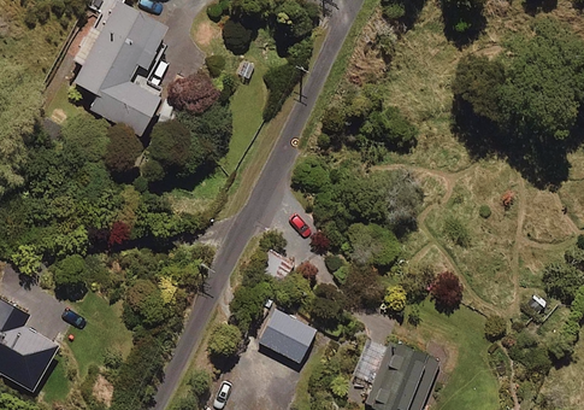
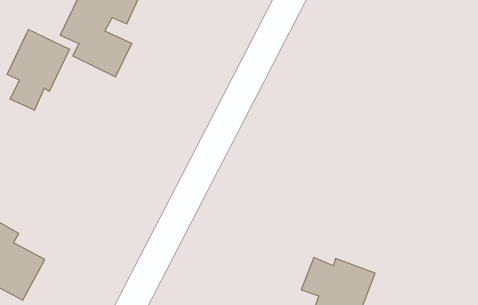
building: none -> [7,30,70,110]
building: [256,308,315,363] -> none

